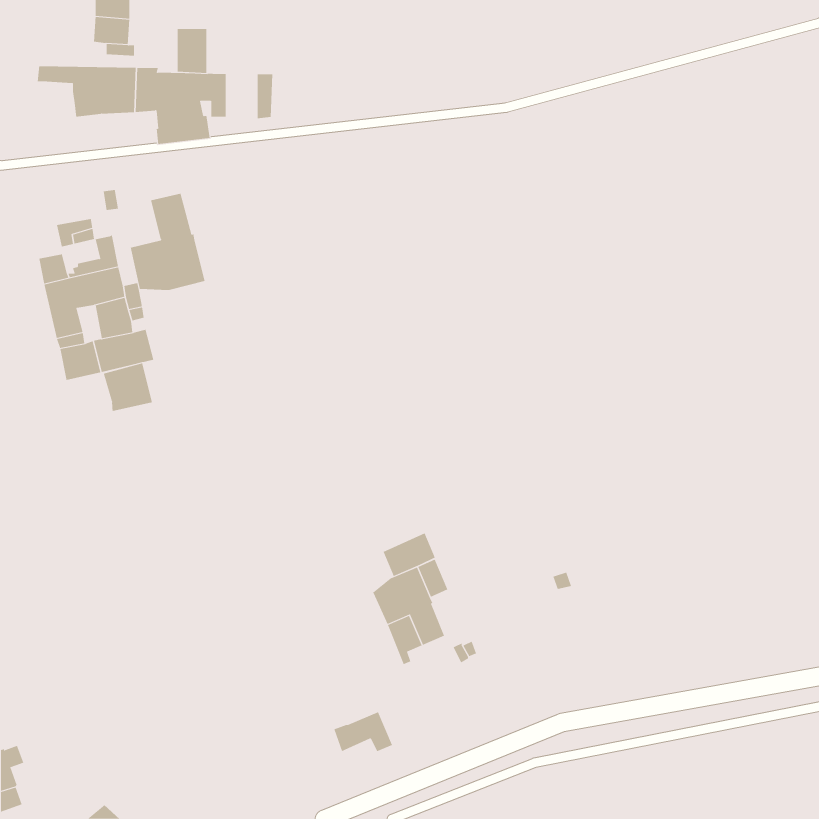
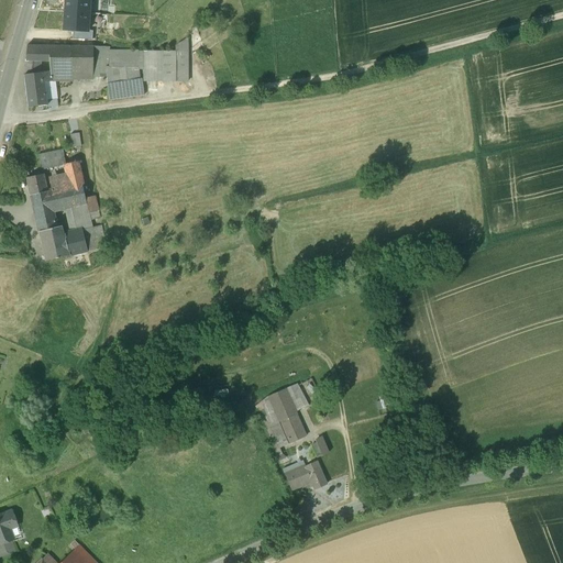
building: [177,28,207,73] -> [156,51,177,81]
building: none -> [25,64,53,107]
building: [130,193,205,291] -> none
building: [103,363,152,412] -> none
building: [383,532,436,577] -> none
building: [333,712,393,752] -> [286,461,327,488]

